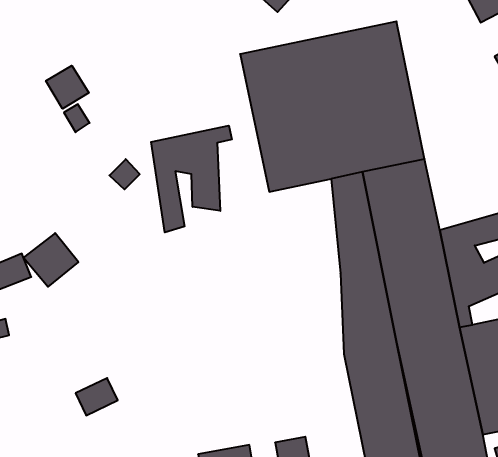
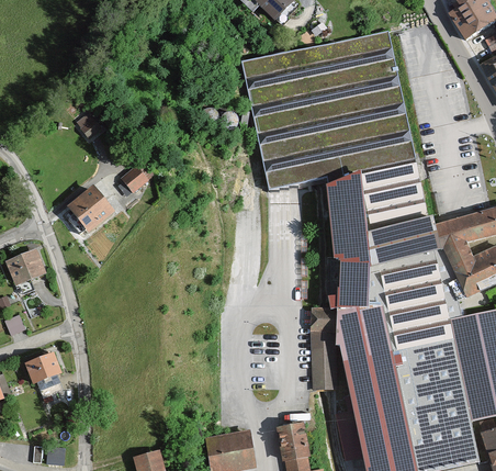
building: [46,66,89,109] -> none
building: [151,126,232,232] -> none
building: [24,233,78,287] -> [65,184,116,235]
building: [76,378,118,415] -> [24,351,64,386]

